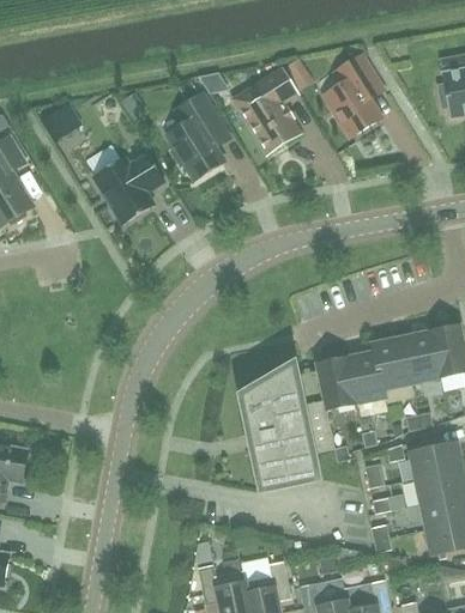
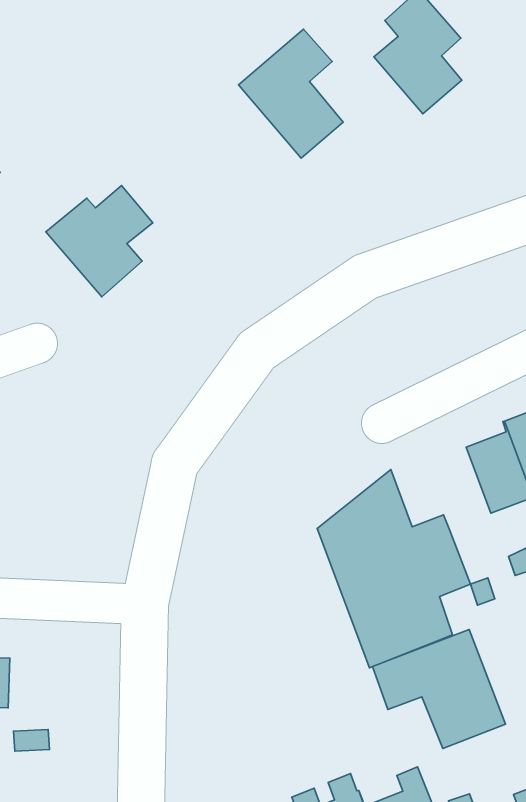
building: [165,92,230,178] -> none
building: [316,357,355,408] -> none
building: none -> [372,630,505,749]

